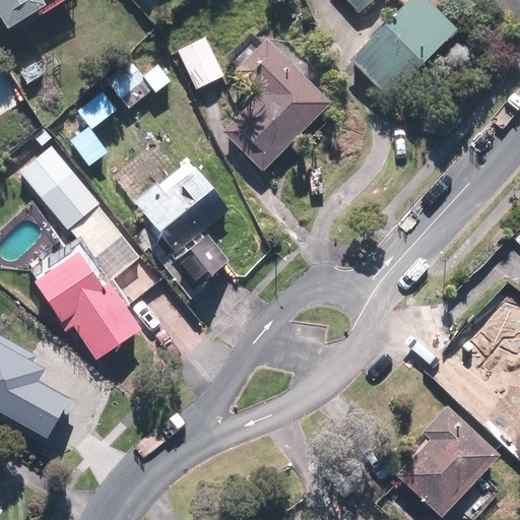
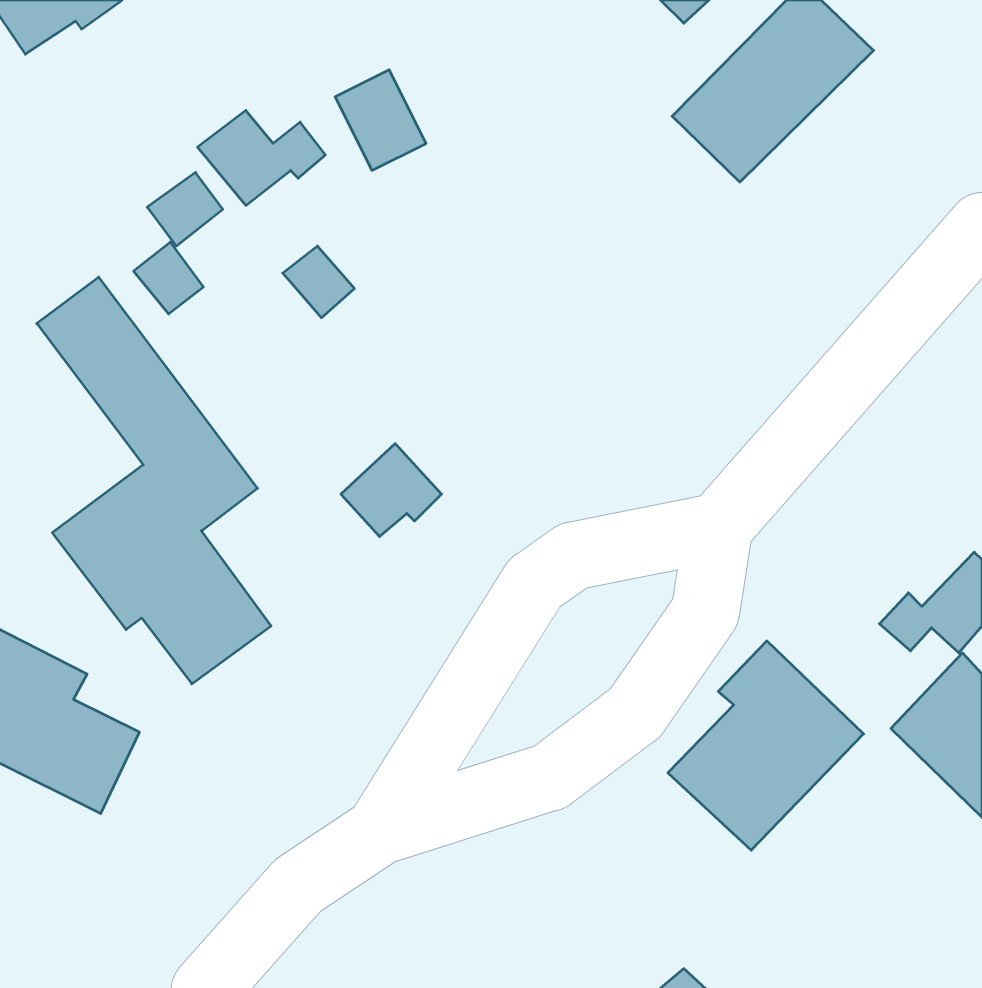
building: [225,40,333,171] -> none
building: [133,158,231,254] -> none
building: [397,402,500,512] -> [668,641,864,850]

